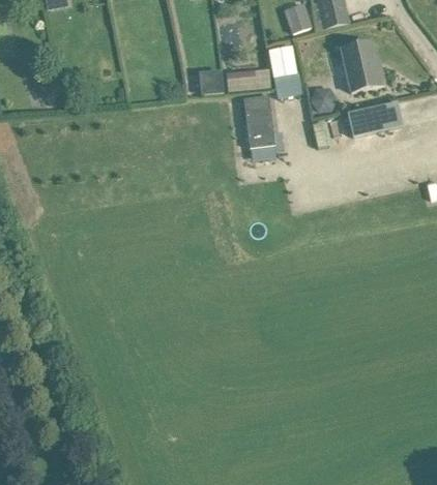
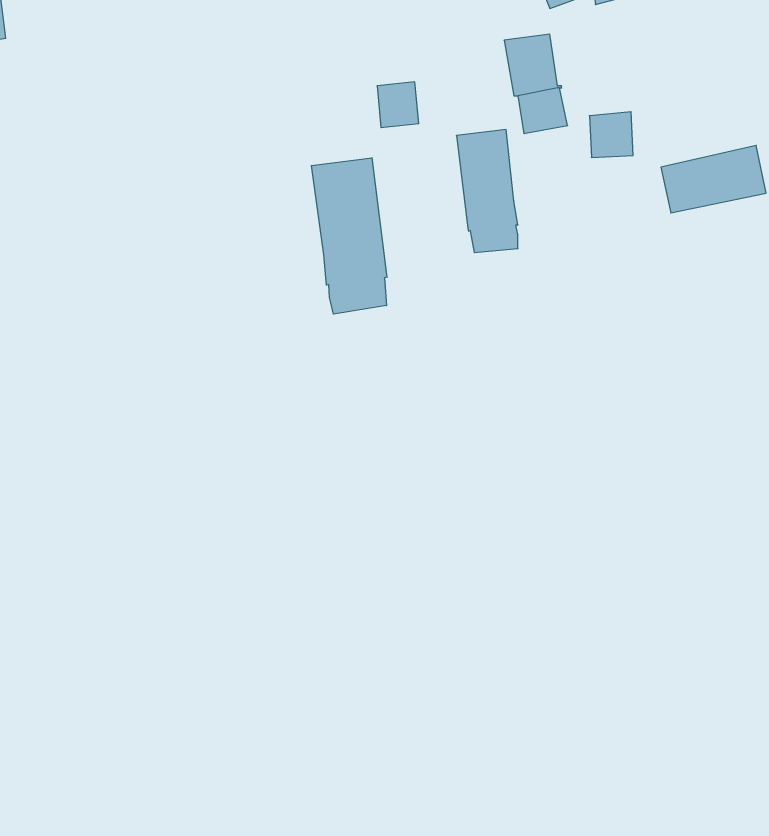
building: [342,39,385,91] -> none
building: [227,67,270,89] -> none
building: none -> [311,158,387,314]

